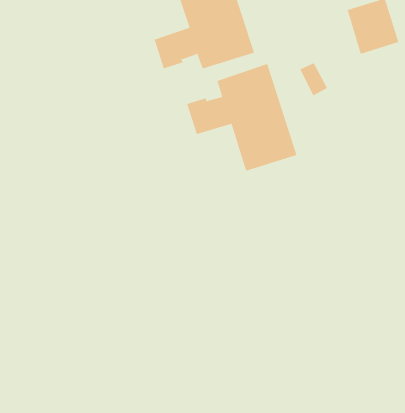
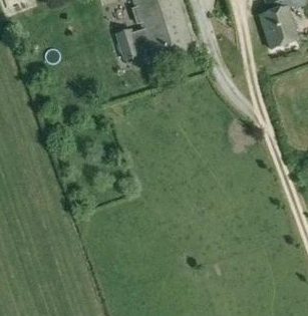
building: [186,63,297,171] -> none

